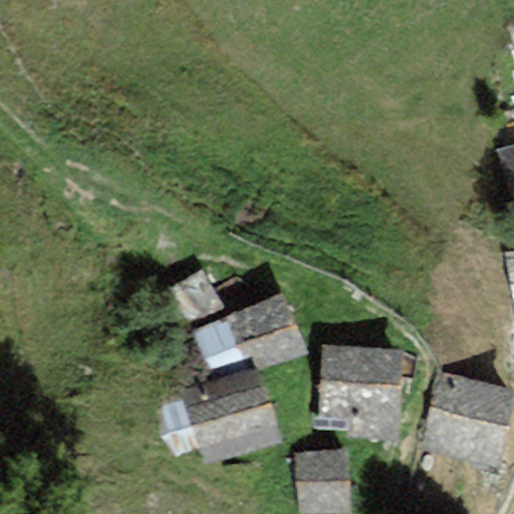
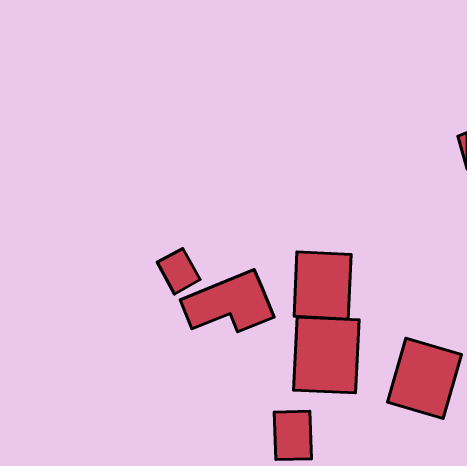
building: none -> [294,252,351,319]
building: [188,372,274,457] -> none

